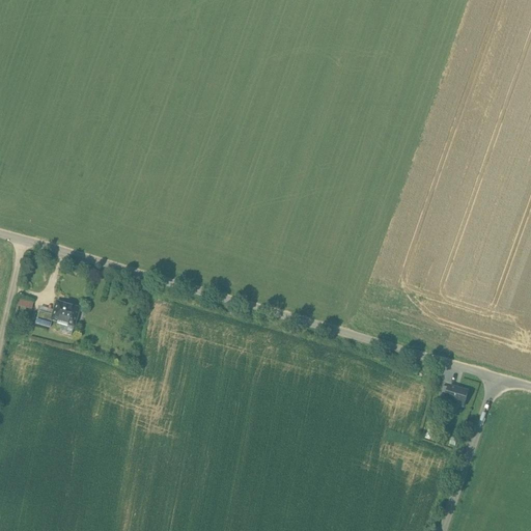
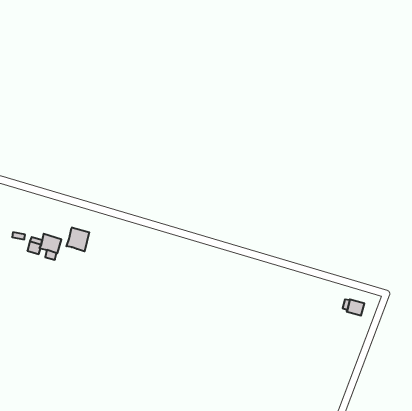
building: none -> [66,227,89,251]

